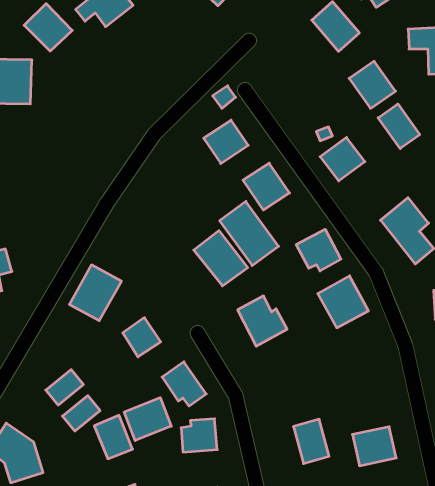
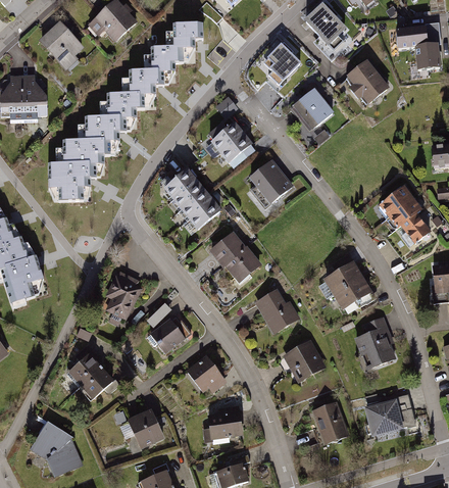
building: none -> [46,19,203,199]
building: none -> [260,36,303,89]
building: [378,104,420,149] -> none
building: [320,137,365,181] -> [289,89,331,130]
building: [220,201,279,266] -> [164,173,220,232]
building: [296,229,341,271] -> none
building: none -> [350,312,393,364]
building: none -> [284,337,323,377]
building: [62,396,100,431] -> [66,350,101,384]
building: [124,398,171,441] -> none

